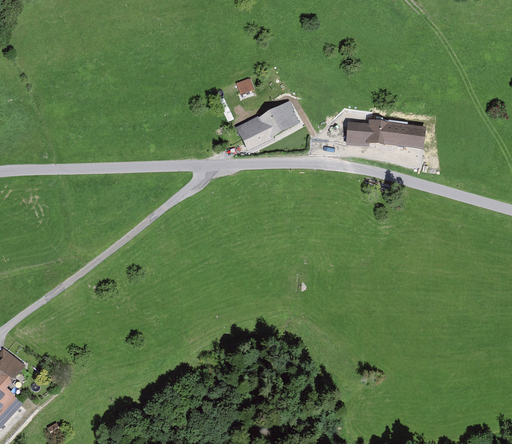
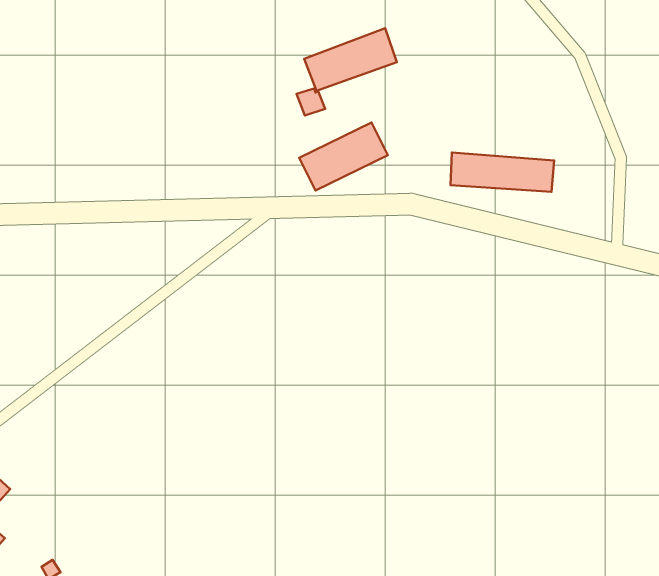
building: none -> [304,28,397,91]

